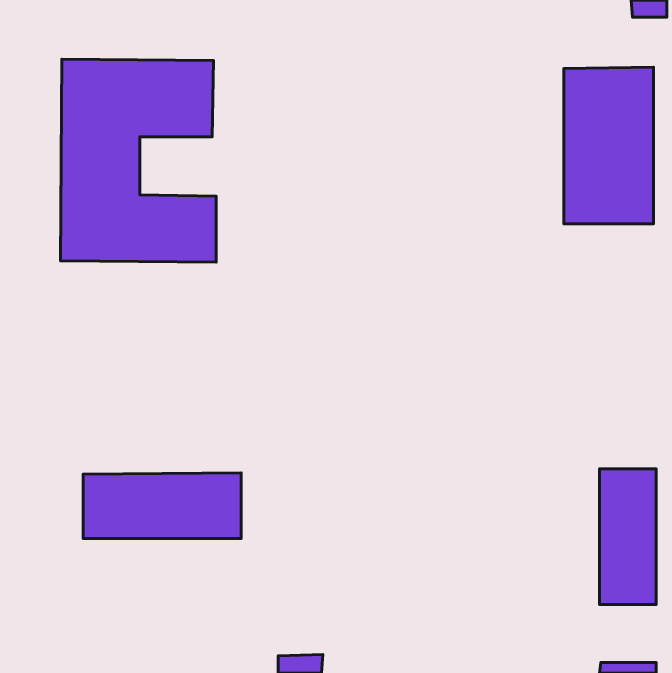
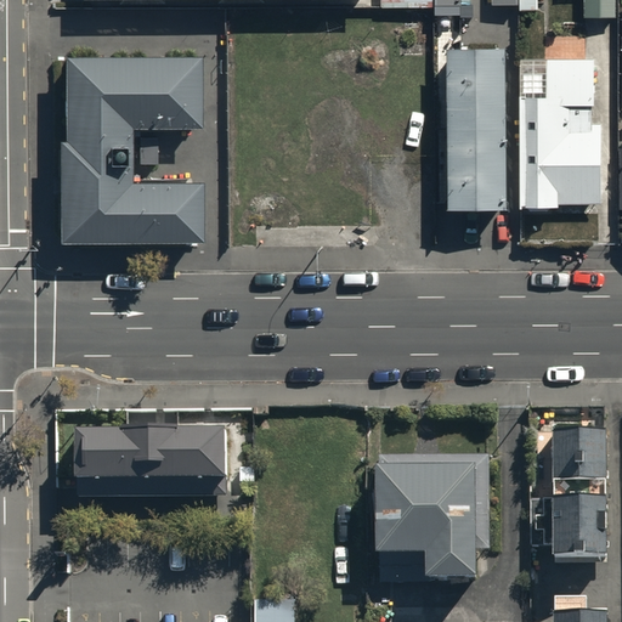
building: none -> [448,47,508,211]
building: none -> [373,457,487,582]

